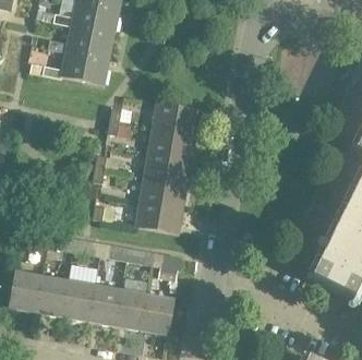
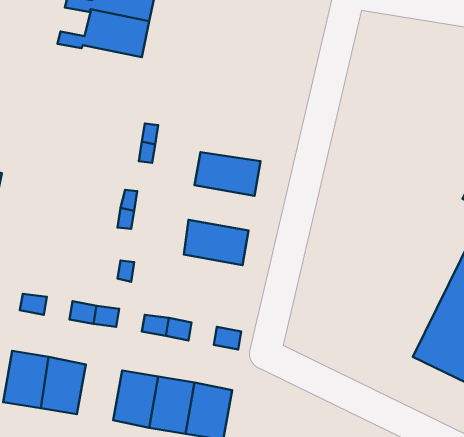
building: [43,49,109,84] -> none
building: [152,101,200,133] -> none
building: [143,151,191,183] -> none
building: [135,201,182,233] -> none
building: [62,280,95,321] -> none

